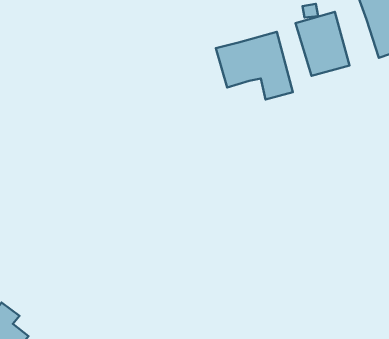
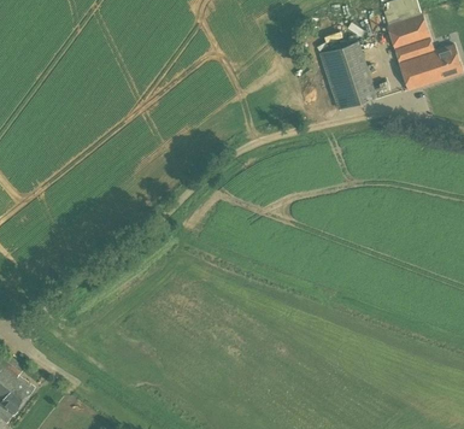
building: [216,32,293,100] -> none

